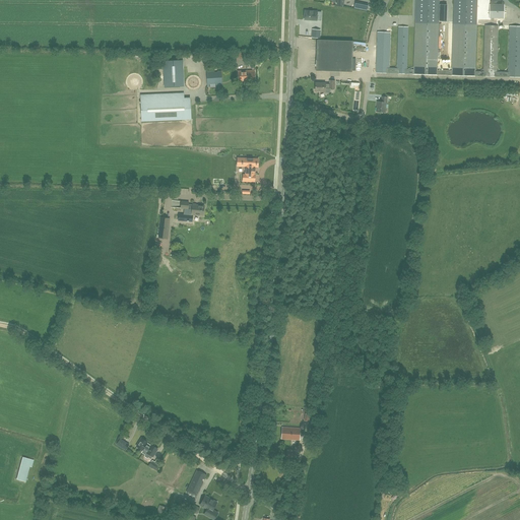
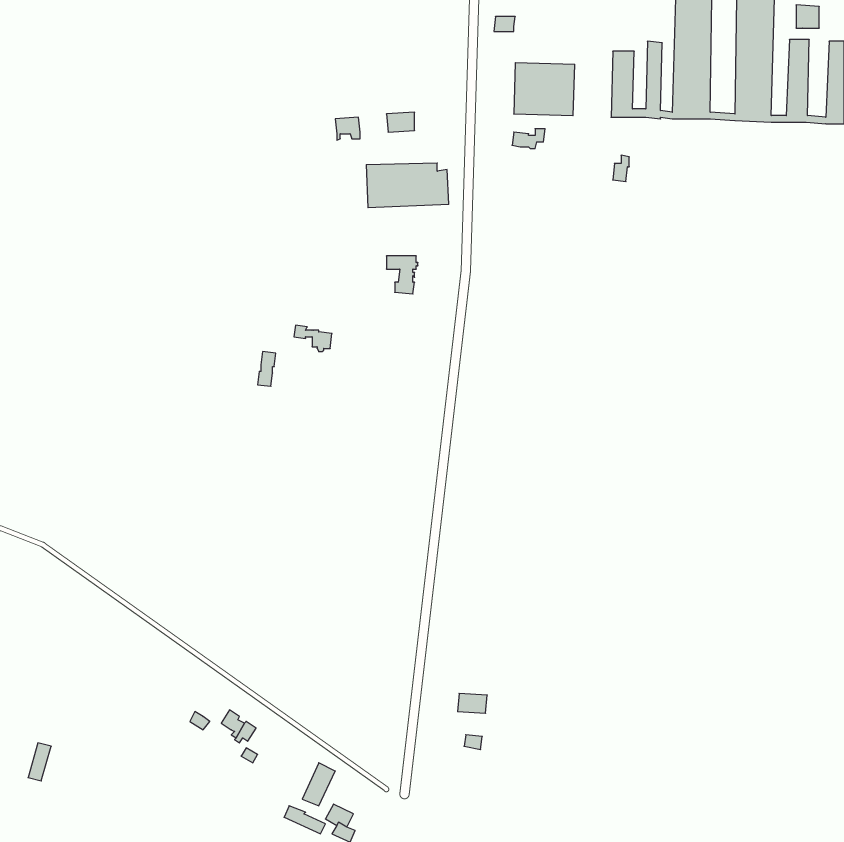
building: [164,60,183,86] -> none
building: [140,92,191,120] -> [366,163,449,208]

